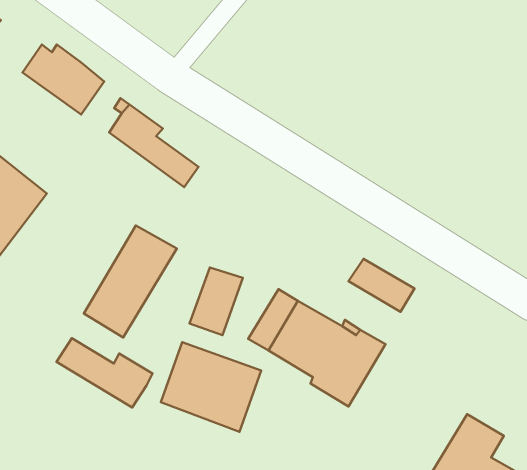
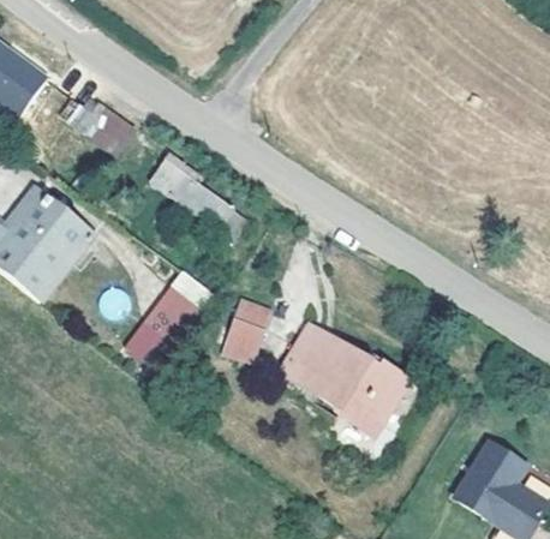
building: [349,259,414,312] -> none
building: [57,338,153,407] -> none
building: [161,342,261,432] -> none

